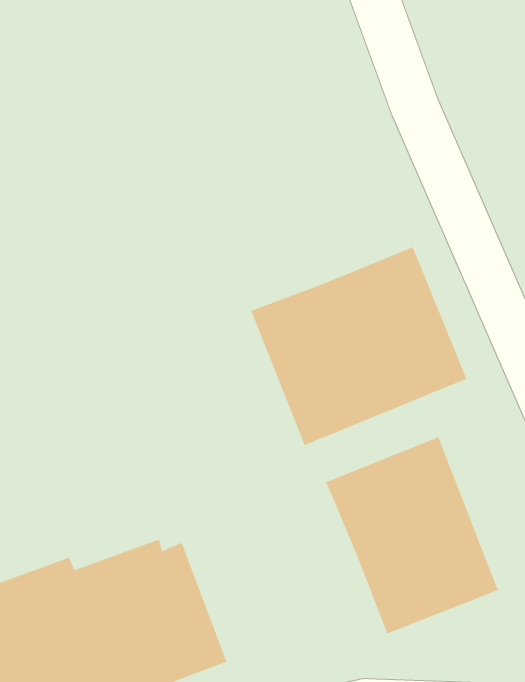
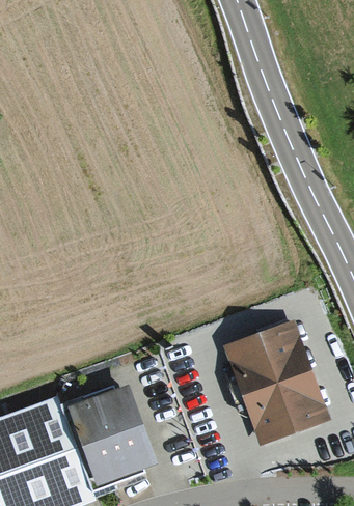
building: [250,246,467,446] -> none

